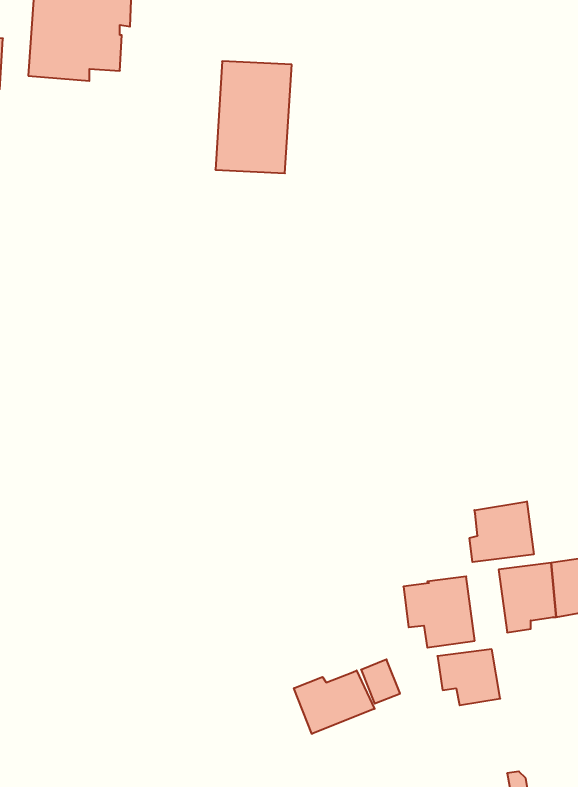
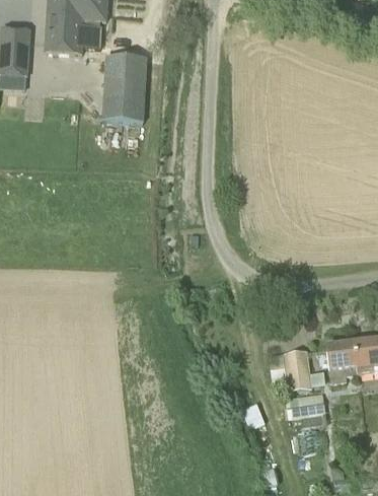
building: [215,61,292,173] -> [101,55,147,122]
building: [470,501,534,562] -> none
building: [294,670,375,734] -> none

